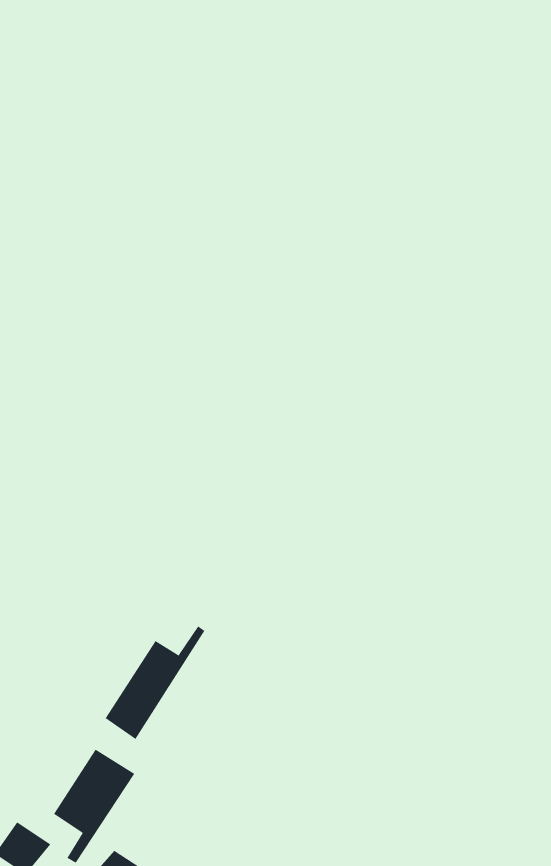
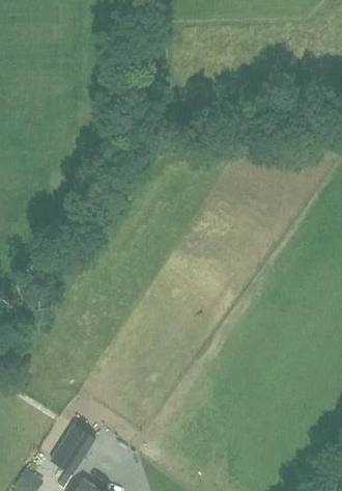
building: [105,625,205,740] -> none

